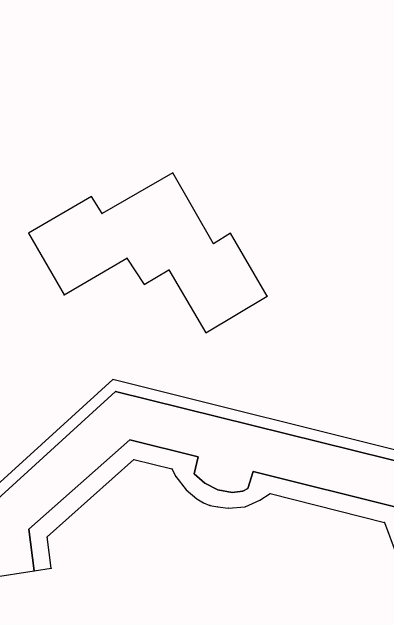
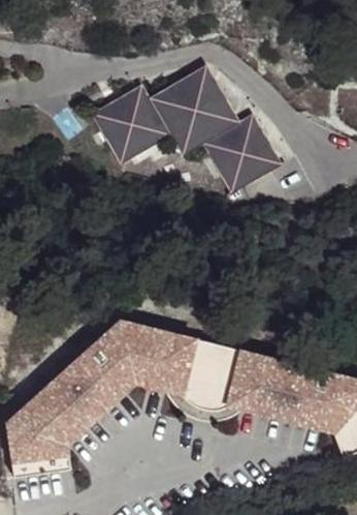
building: [29,173,267,333] -> [93,66,281,192]

